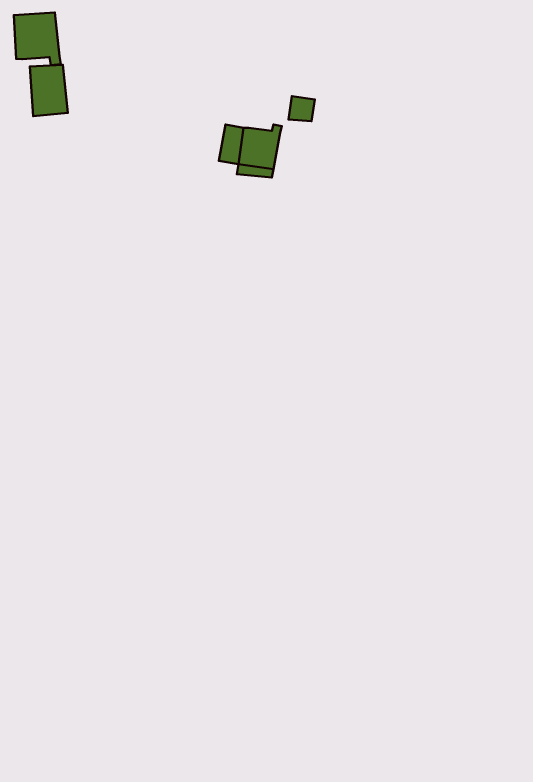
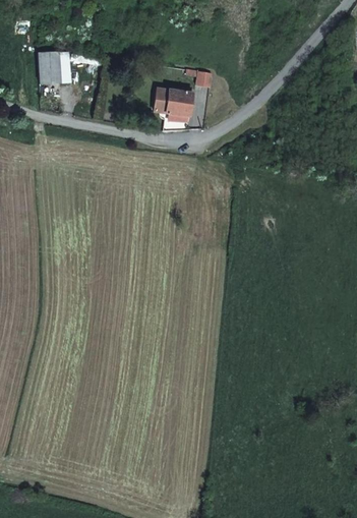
building: [14,12,61,65] -> none

